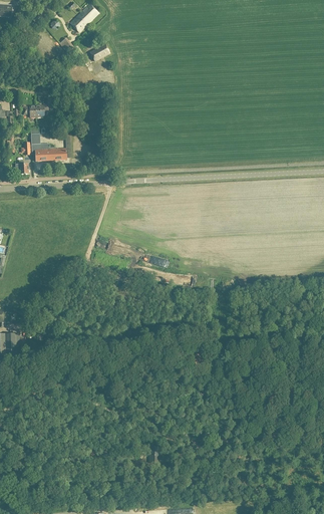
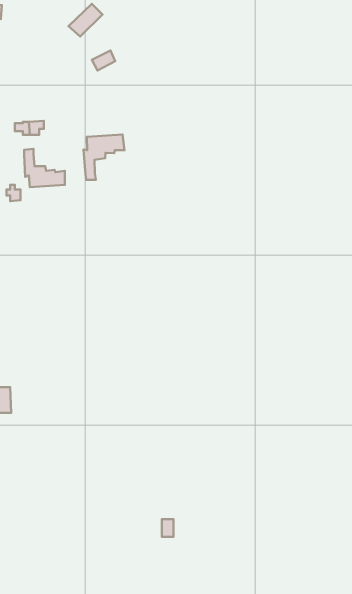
building: none -> [84,134,124,180]

